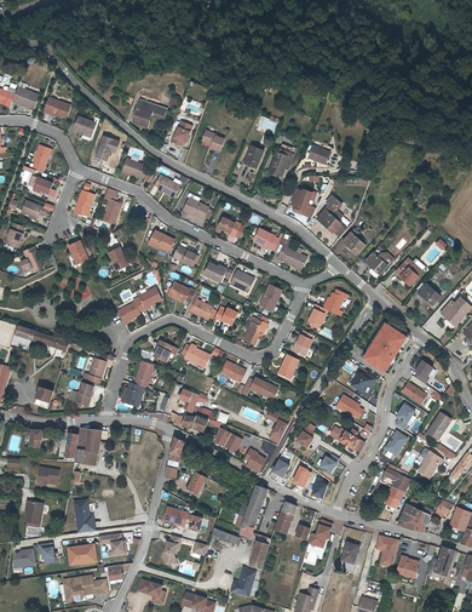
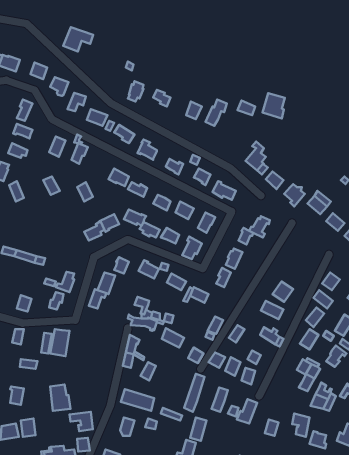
building: [129,99,167,130] -> [63,27,93,52]
building: [287,187,315,218] -> [262,93,285,118]
building: [359,324,405,374] -> none
building: [67,544,97,566] -> none

